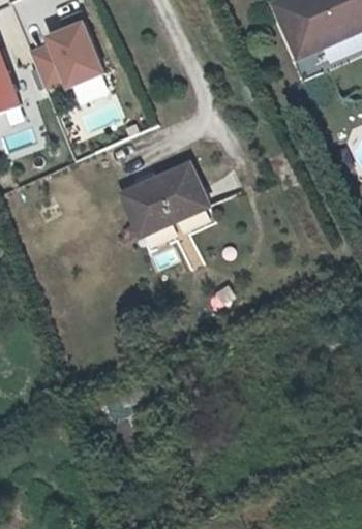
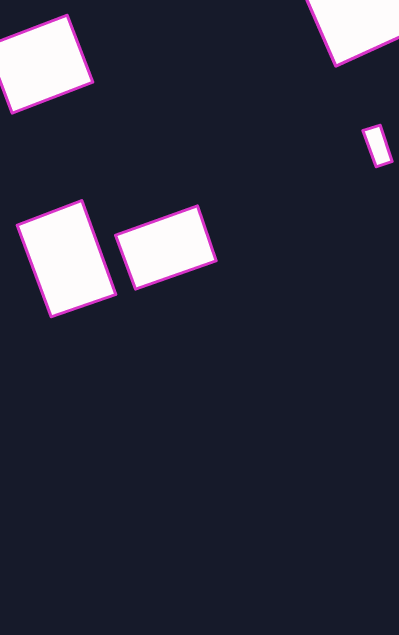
building: none -> [17,201,116,317]

